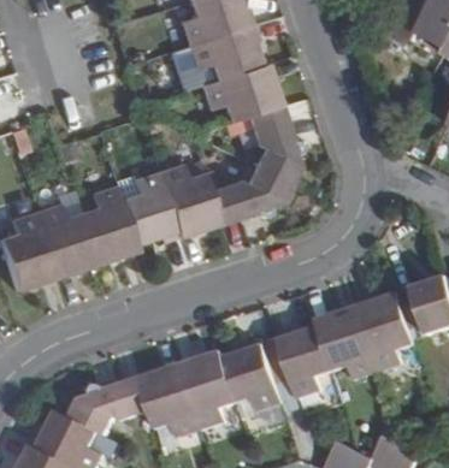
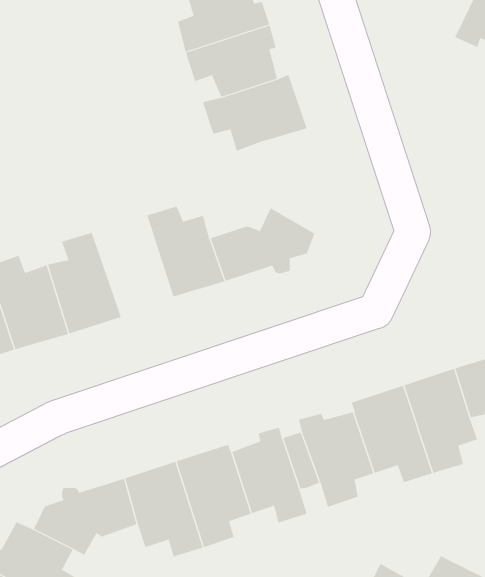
building: [246,105,302,186] -> none
building: [119,172,177,244] -> none

